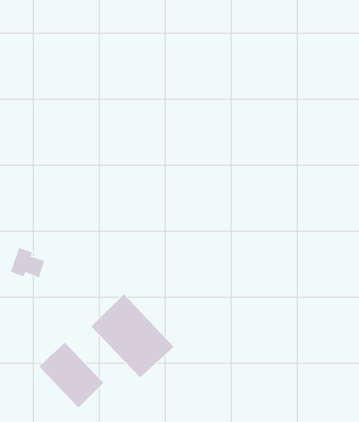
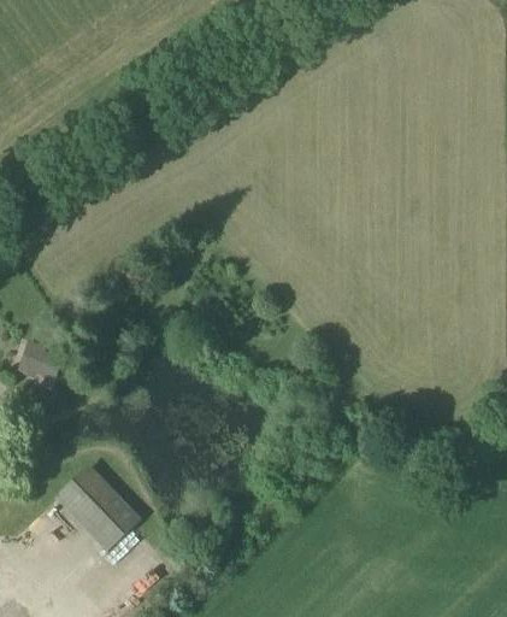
building: [90,294,174,378] -> none

